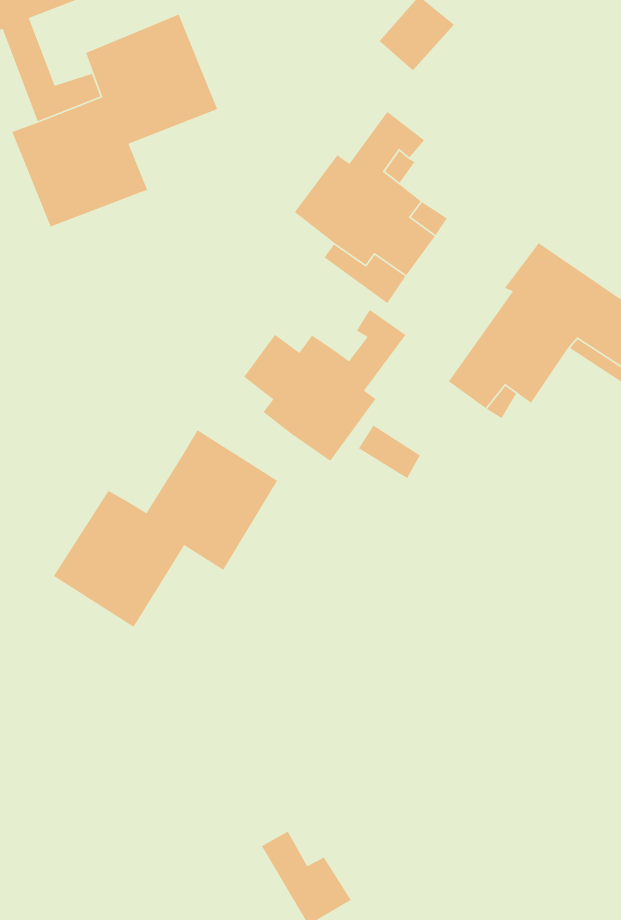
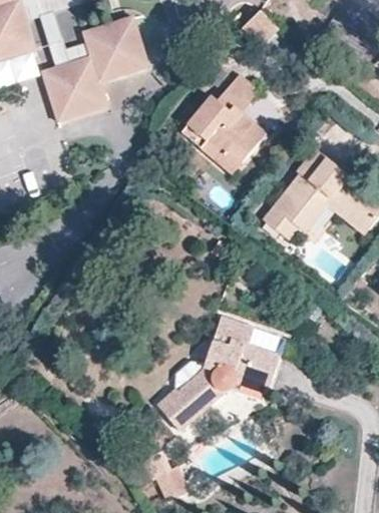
building: [243,309,407,462] -> none
building: [53,429,278,628] -> none
building: none -> [157,318,285,429]

